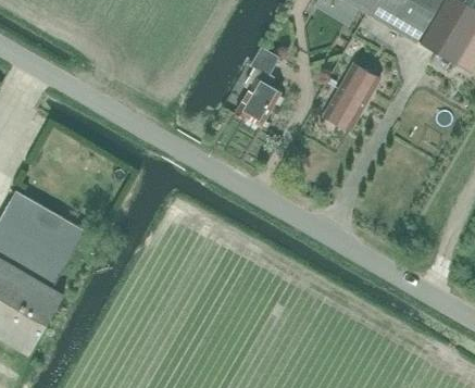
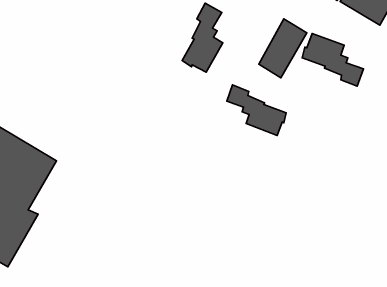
building: none -> [302,34,364,86]
building: none -> [227,85,286,135]

